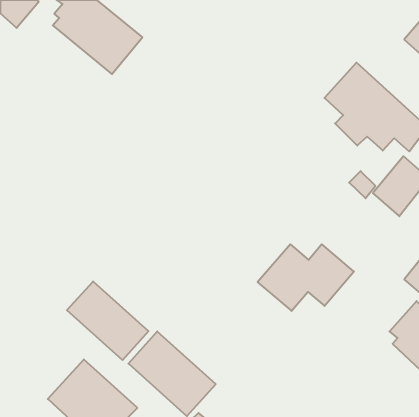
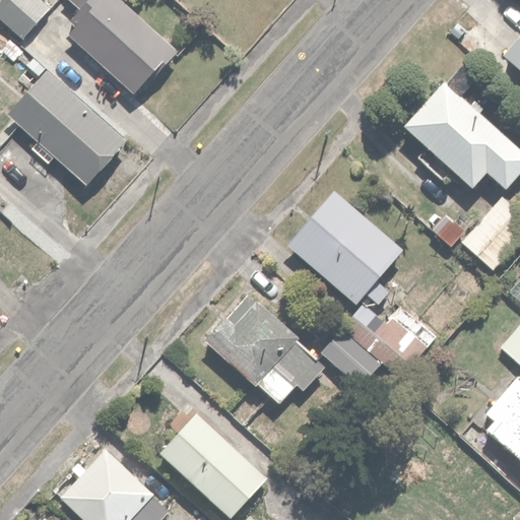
building: none -> [7,69,126,183]
building: none -> [286,189,404,305]
building: none -> [204,298,328,405]
building: [67,281,148,360] -> none

